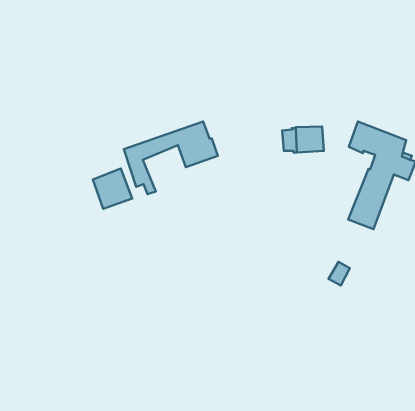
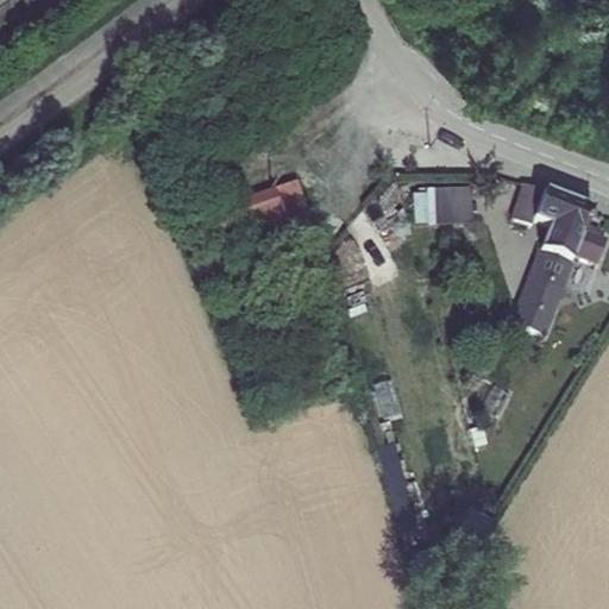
building: [93,169,132,209] -> none

